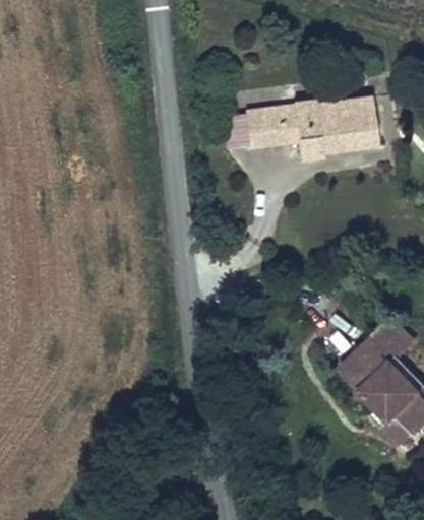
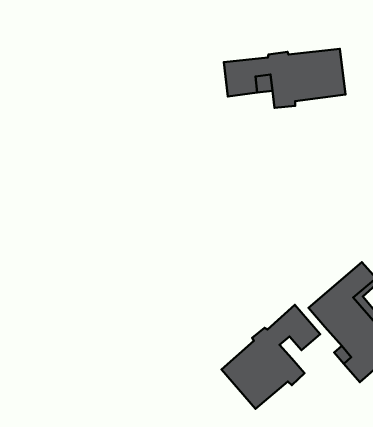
building: none -> [222,305,320,409]

